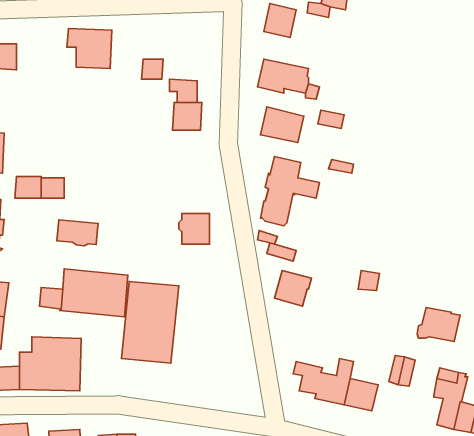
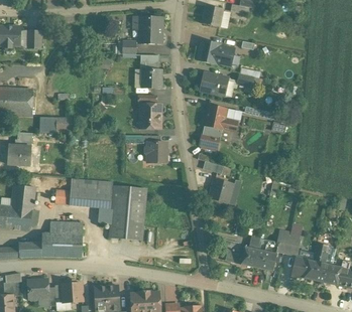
building: [67,29,112,69] -> [133,17,162,43]
building: none -> [139,102,161,129]
building: [57,220,98,246] -> none
building: [417,307,460,341] -> [290,258,319,280]

